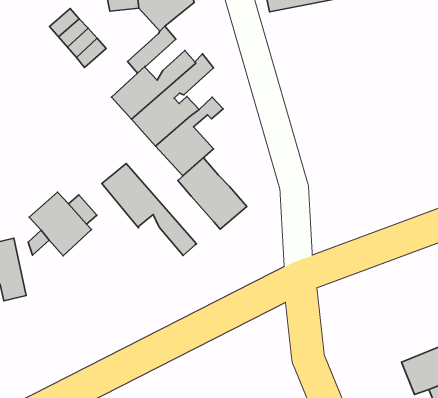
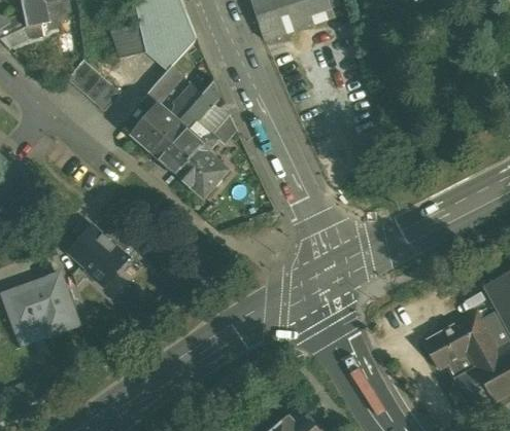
building: [178,158,247,229] -> none
building: [102,163,196,256] -> none

